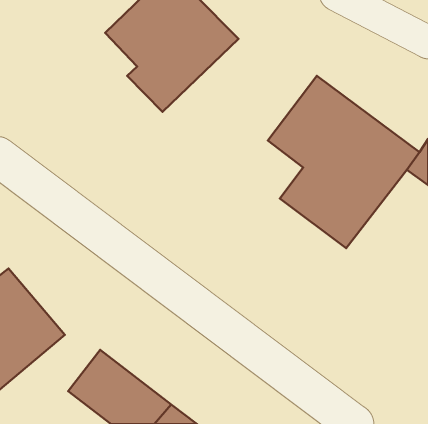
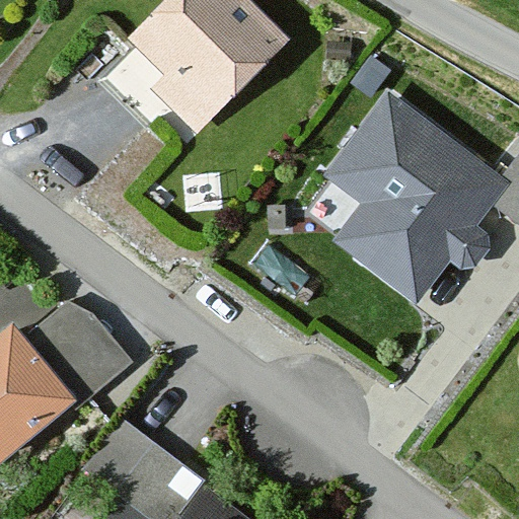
building: none -> [19,298,132,403]

